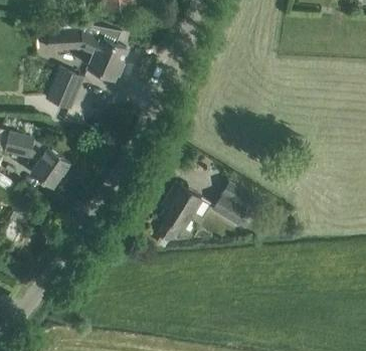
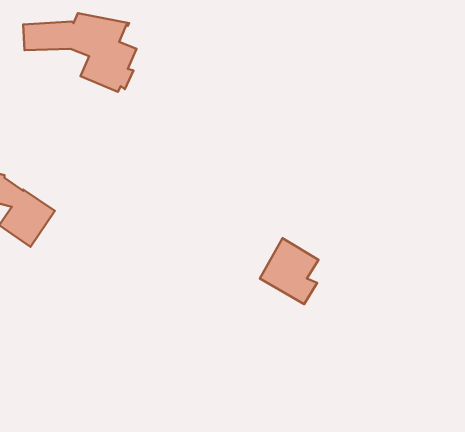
building: [45,68,82,109] -> none
building: [158,183,201,241] -> none

